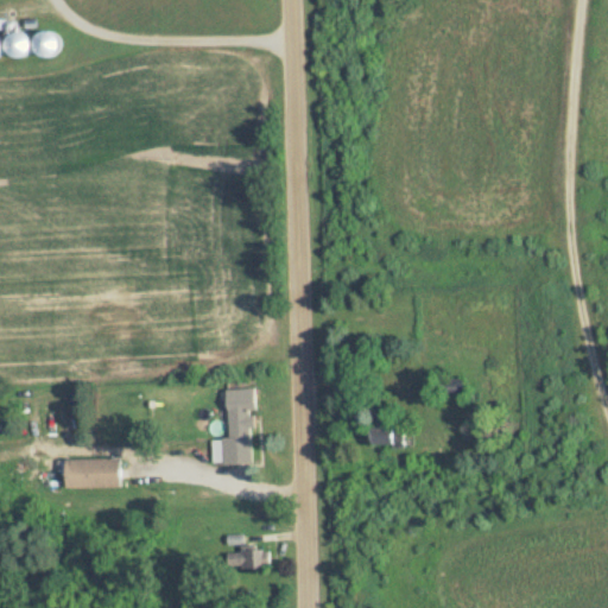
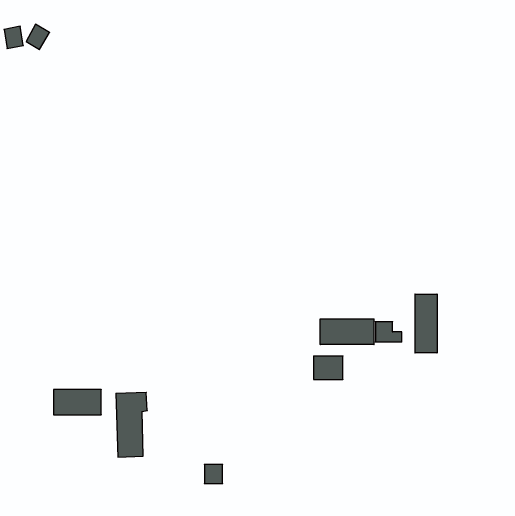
building: none -> [415,294,437,353]
building: none -> [320,319,374,345]
building: [217,388,254,464] -> [116,392,147,457]

